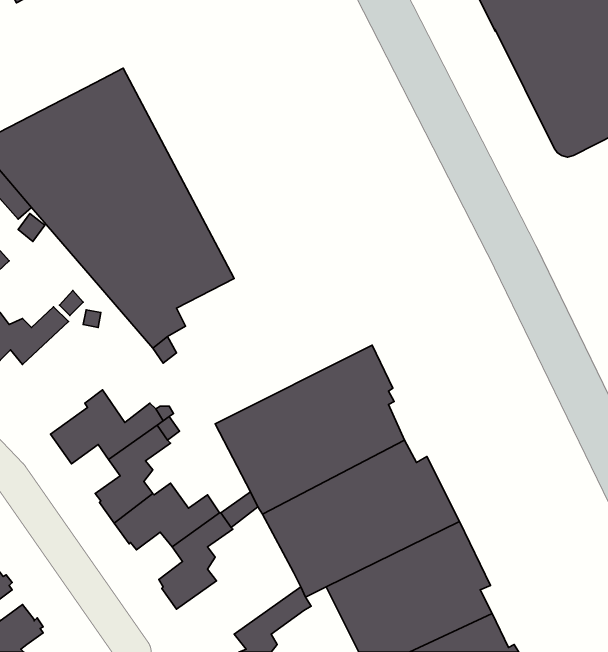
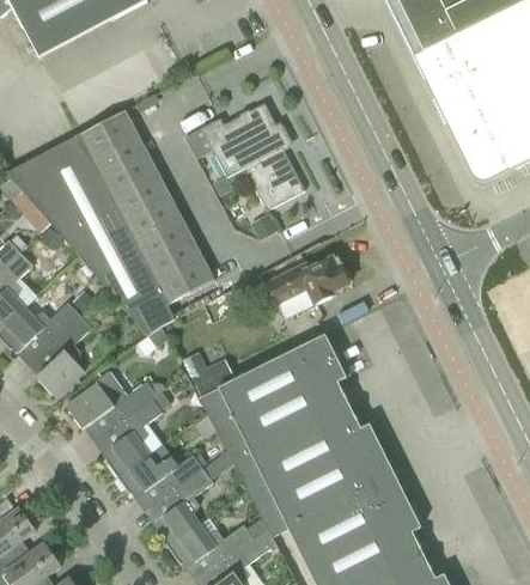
building: none -> [201,103,305,211]
building: none -> [267,255,349,305]
building: none -> [36,315,92,398]
building: none -> [181,352,234,396]
building: none -> [167,517,268,568]

